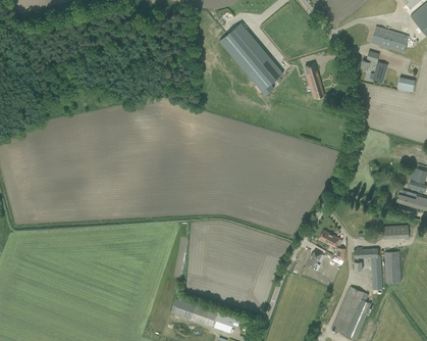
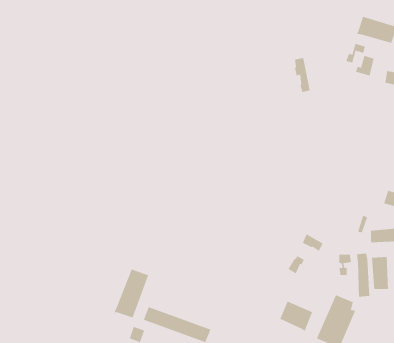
building: [219,22,283,95] -> none
building: none -> [114,268,149,319]
building: none -> [279,300,313,332]

